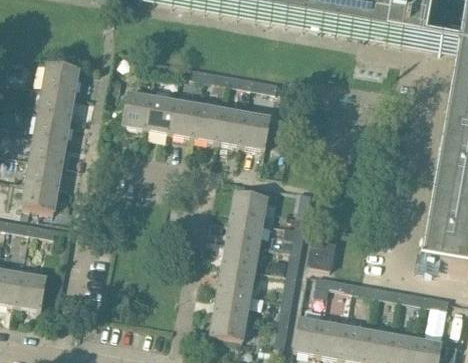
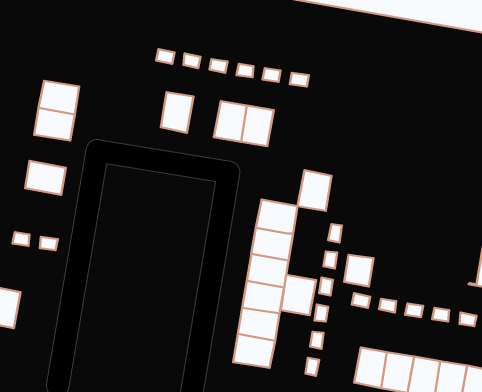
building: [43,61,78,90] -> none
building: [121,90,151,126] -> none
building: [169,99,199,135] -> none
building: [240,111,270,147] -> [298,170,332,211]
building: [30,133,66,162] -> none
building: [22,180,58,210] -> none
building: none -> [281,275,316,315]
building: [16,272,46,308] -> none
building: [293,316,323,352] -> none

